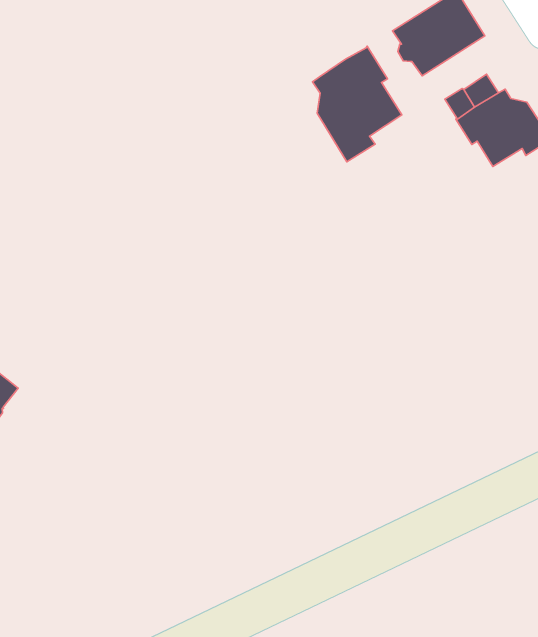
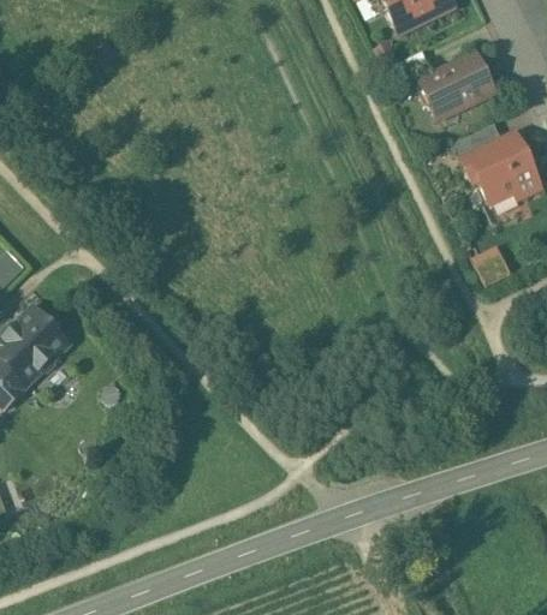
building: [312,46,402,162] -> none

